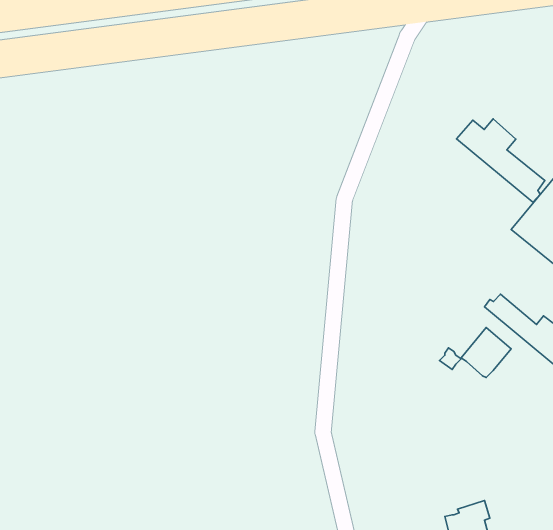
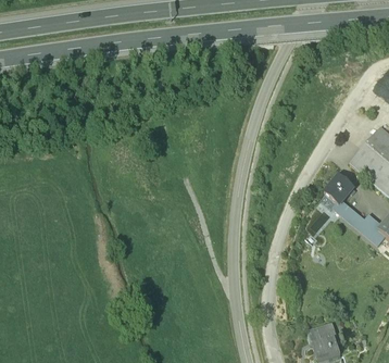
building: [456,119,545,202] -> none
building: [461,327,511,378] -> [322,175,352,205]

